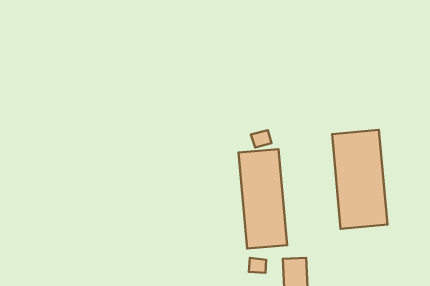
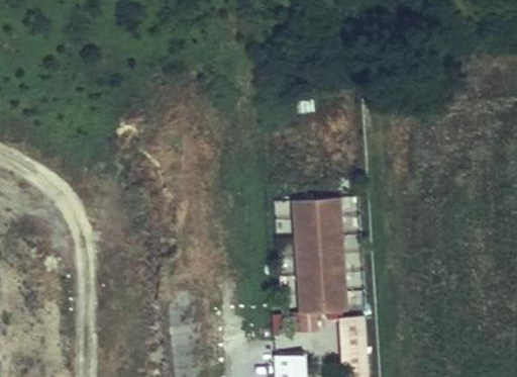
building: [332,130,387,229] -> none

